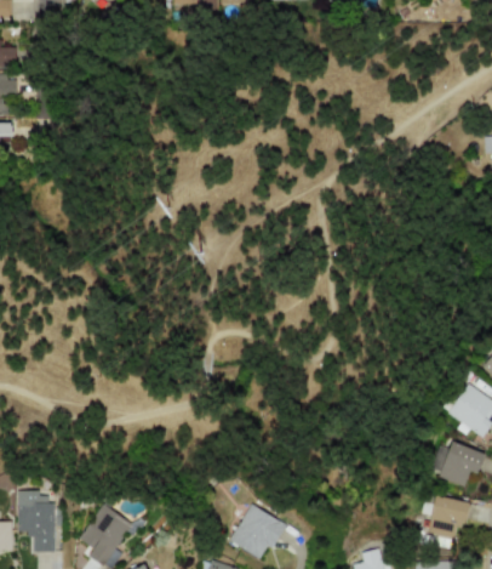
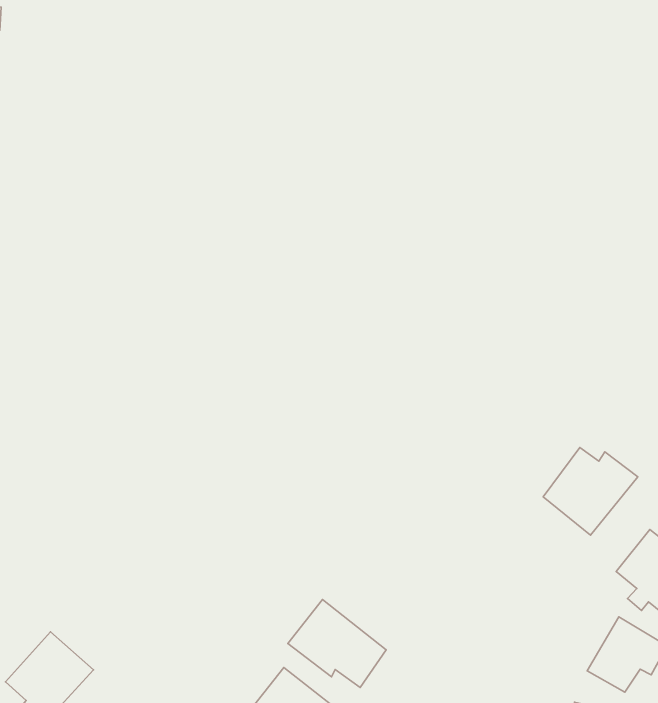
building: none -> [543,448,638,535]
building: none -> [288,599,386,688]

